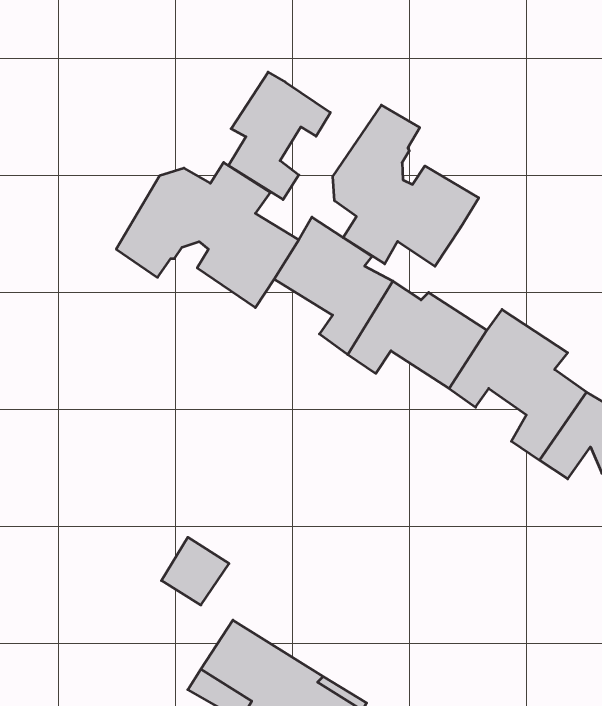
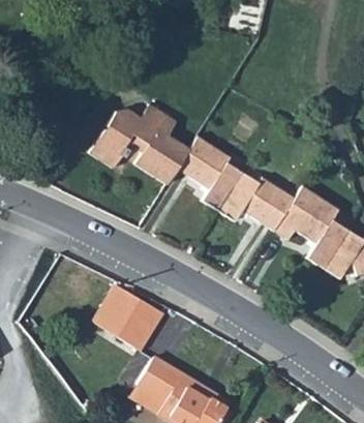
building: [228,72,330,200] -> none
building: [333,105,479,266] -> none
building: none -> [95,284,161,336]

